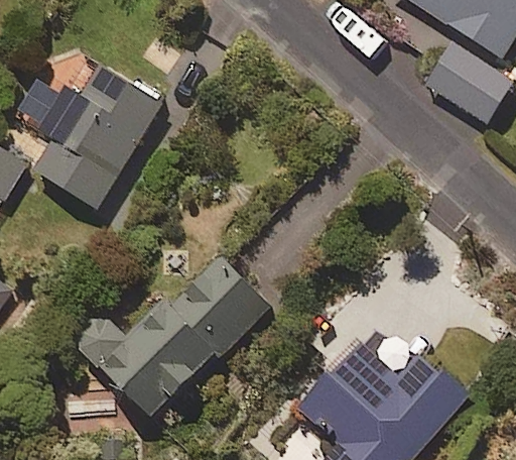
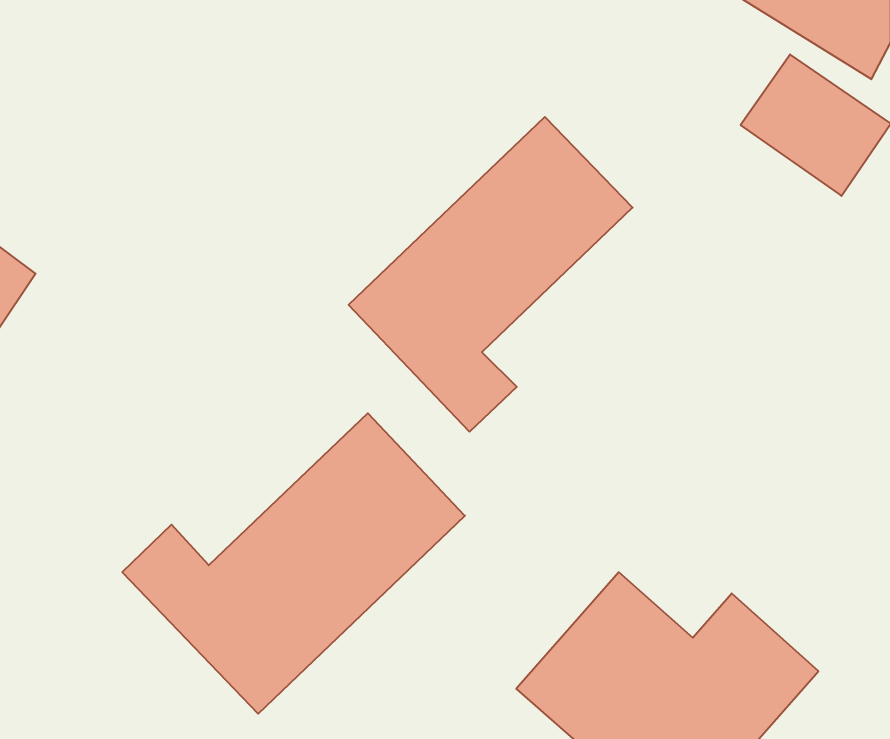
building: [23,68,160,209] -> none
building: none -> [349,117,633,432]

